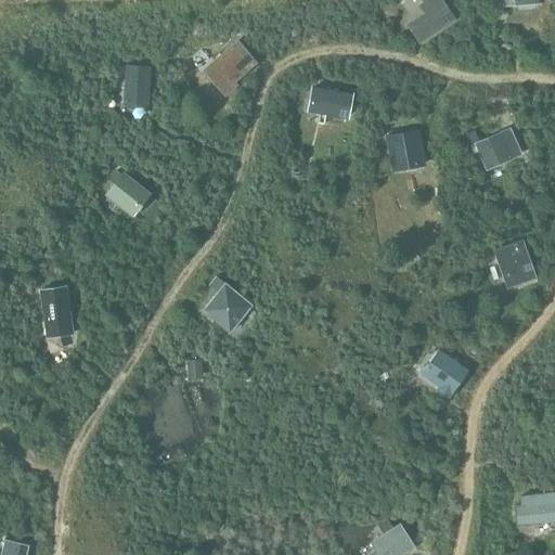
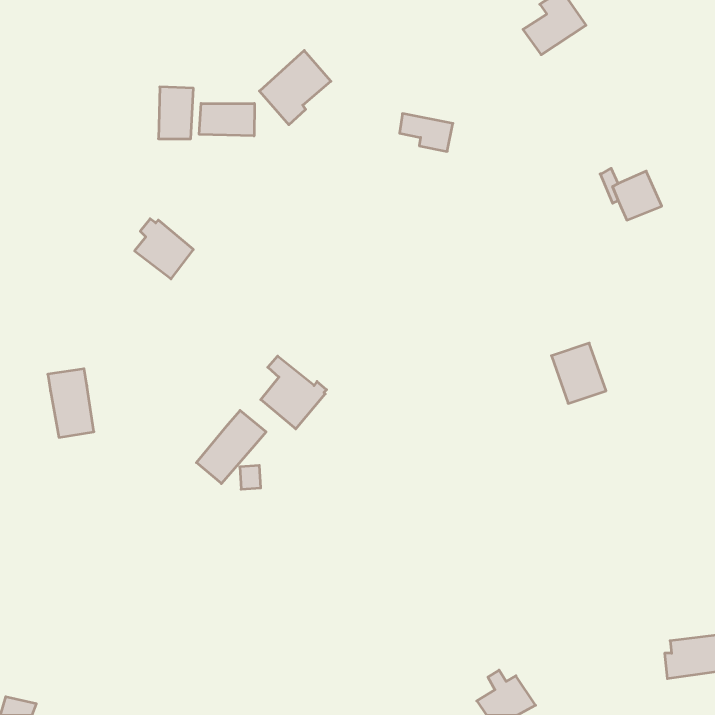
building: none -> [199,103,254,136]
building: [386,129,424,172] -> none
building: [493,241,535,287] -> [551,343,606,403]
building: none -> [196,410,266,484]
building: [425,349,468,398] -> none

